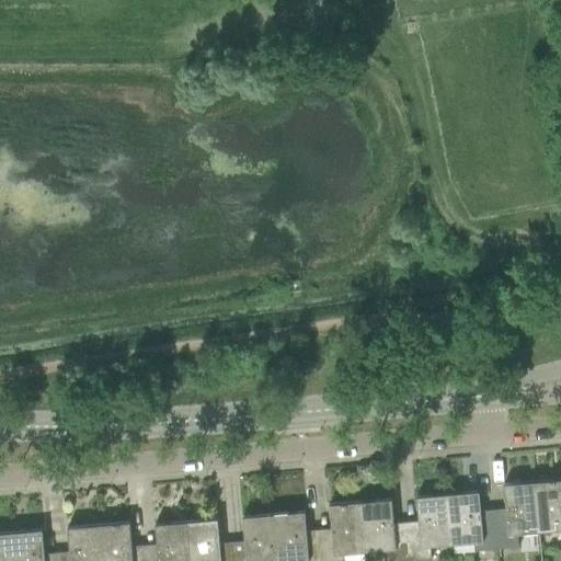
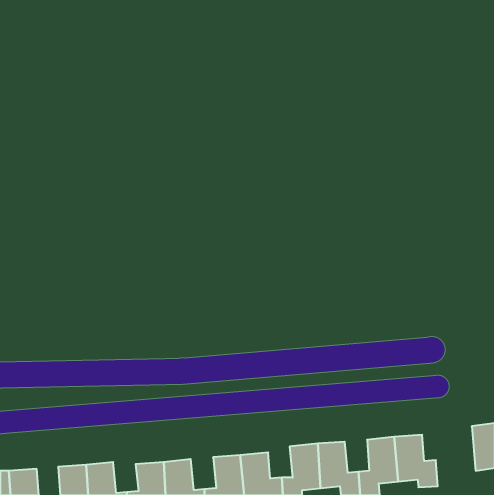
building: [494,482,539,550] -> none

